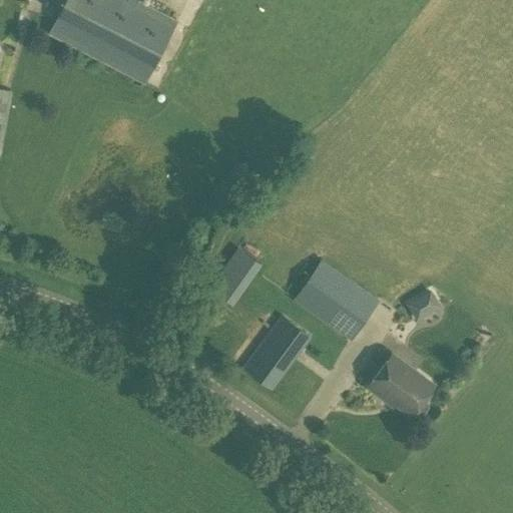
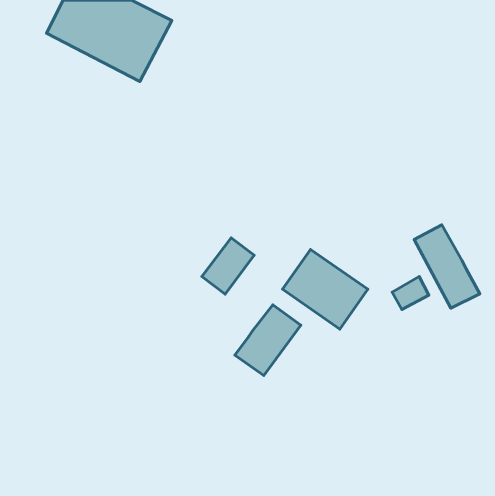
building: none -> [414,225,480,308]
building: [369,355,435,416] -> none

